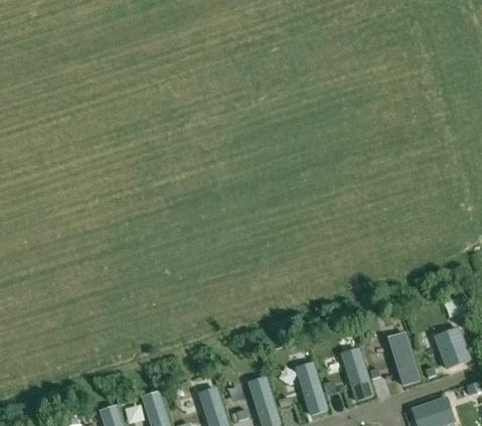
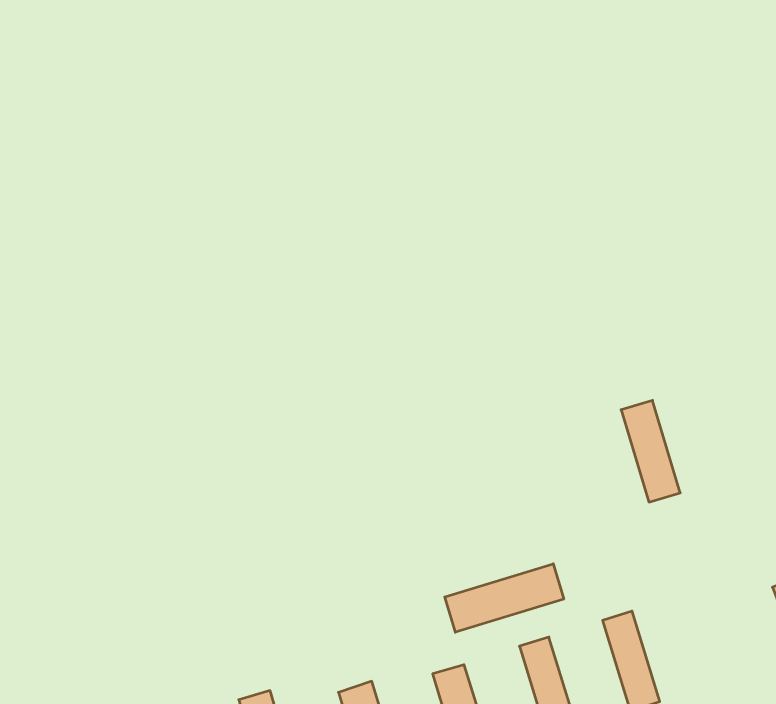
building: none -> [445,564,564,632]
building: [388,331,421,386] -> [621,400,680,502]

